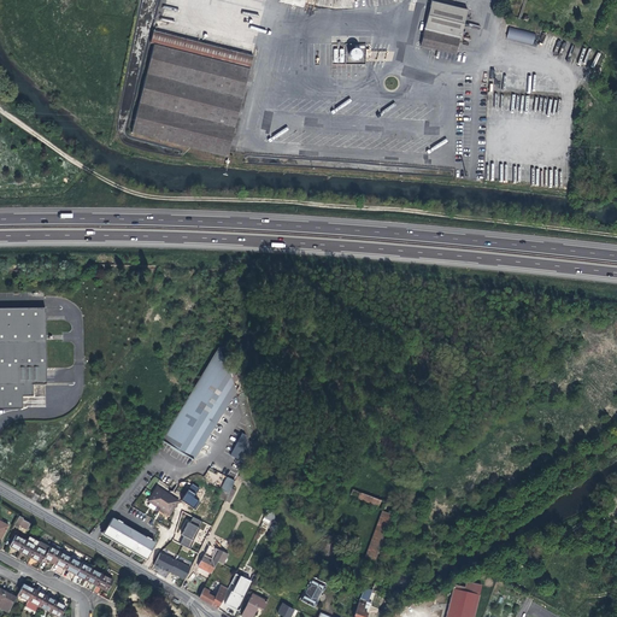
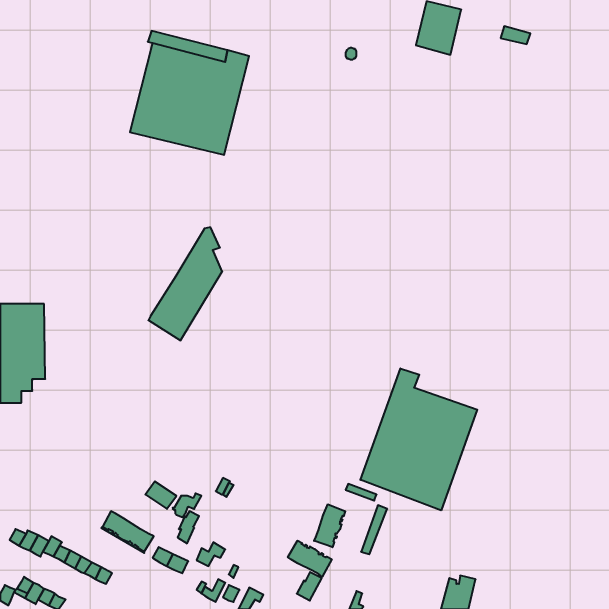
building: [161,346,236,460] -> [148,227,222,340]
building: none -> [360,368,477,510]
building: none -> [314,504,345,547]
building: none -> [288,541,332,577]

